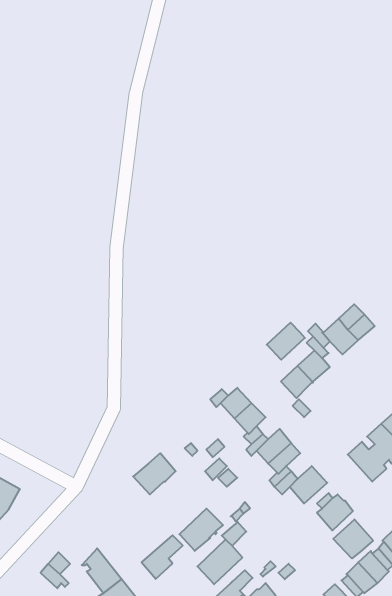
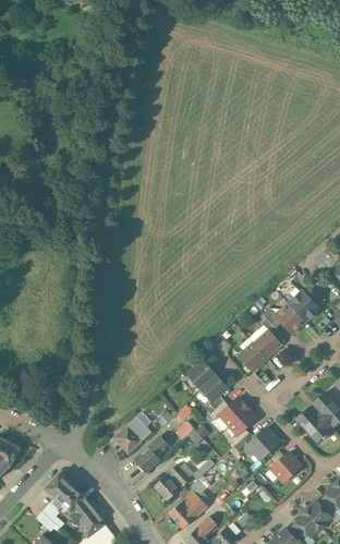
building: [267,323,305,360] -> none
building: none -> [45,473,85,512]
building: [333,519,373,558] -> none
building: [142,535,183,579] -> [134,436,169,473]

